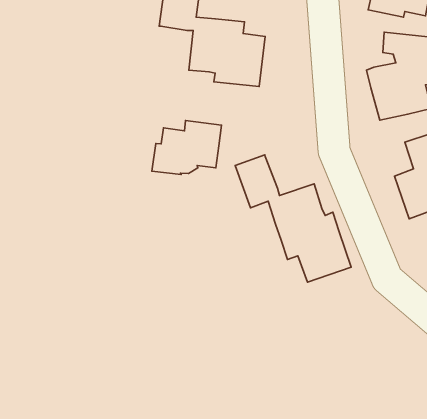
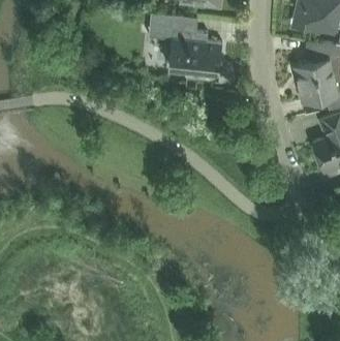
building: [152,121,221,175] -> none
building: [235,155,351,282] -> none

